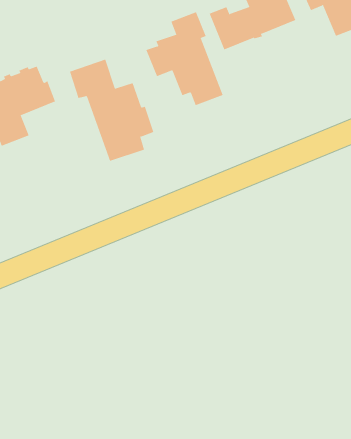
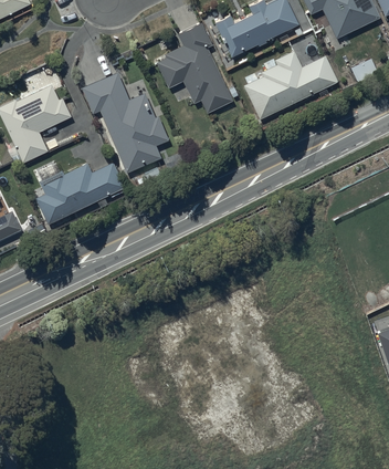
building: none -> [243,51,338,119]
building: none -> [36,163,125,222]

